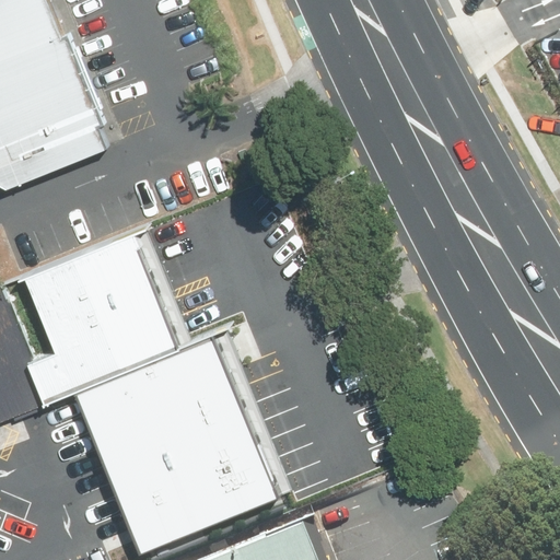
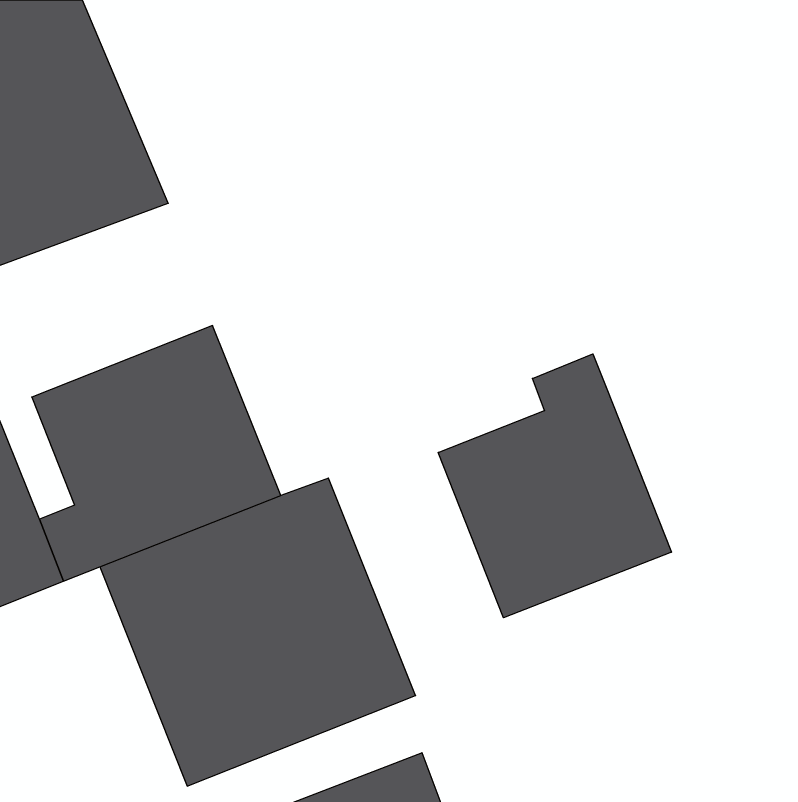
building: none -> [438,354,671,618]

